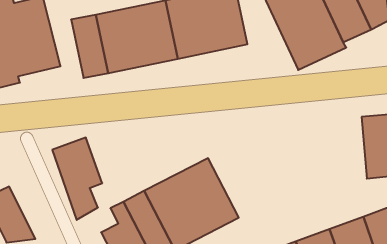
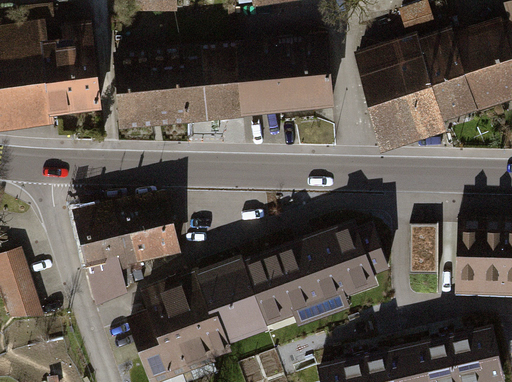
building: none -> [265,212,389,328]
building: none -> [121,190,178,258]
building: none -> [410,226,436,274]

